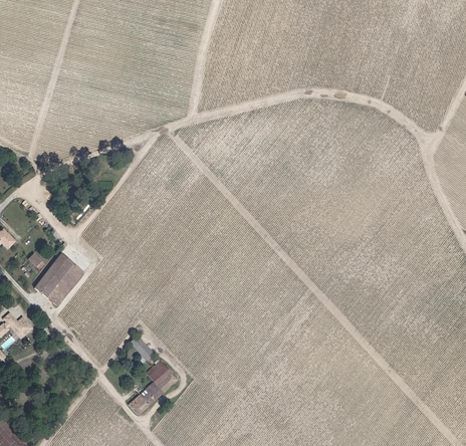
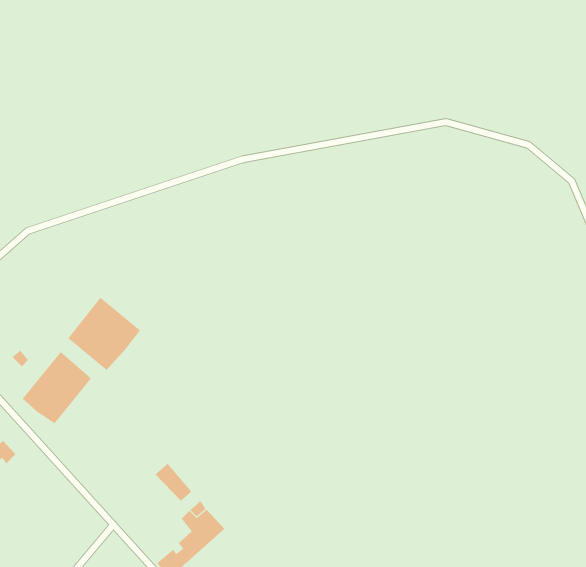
building: none -> [68,297,141,371]

